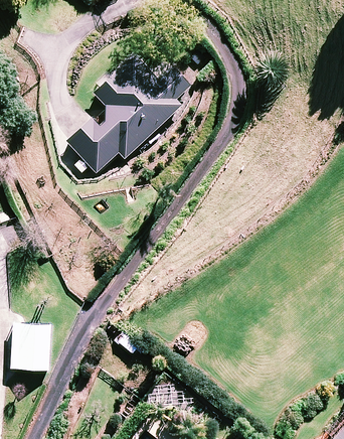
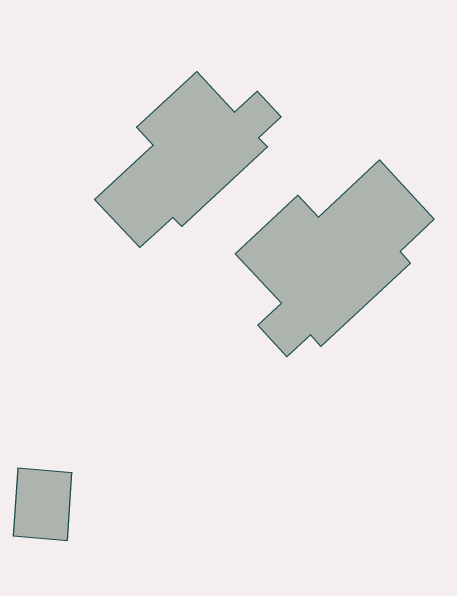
building: none -> [235,160,434,357]

